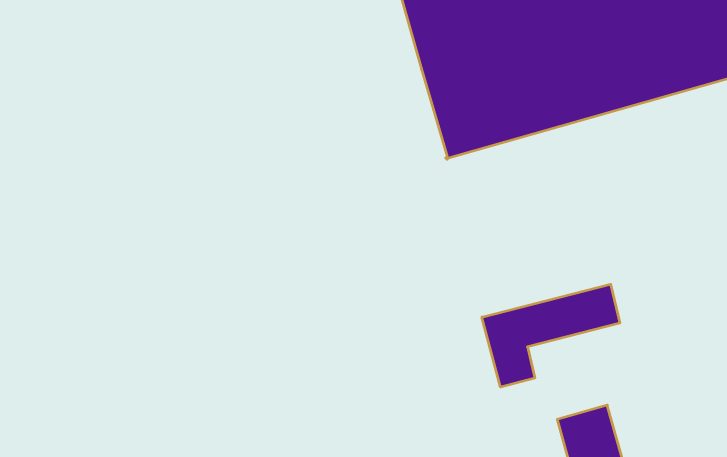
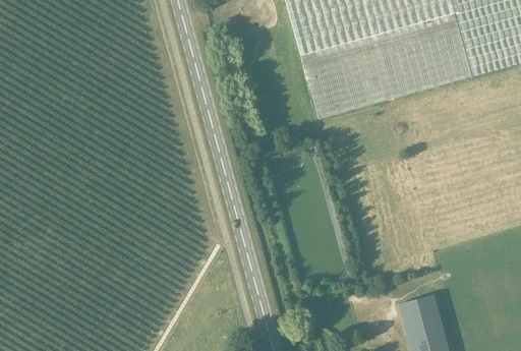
building: [482,284,620,387] -> none

